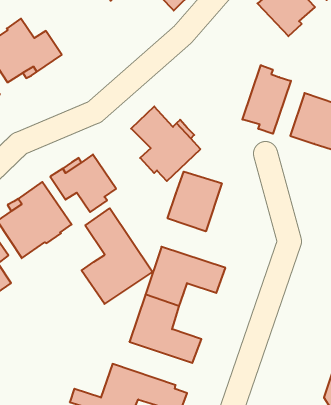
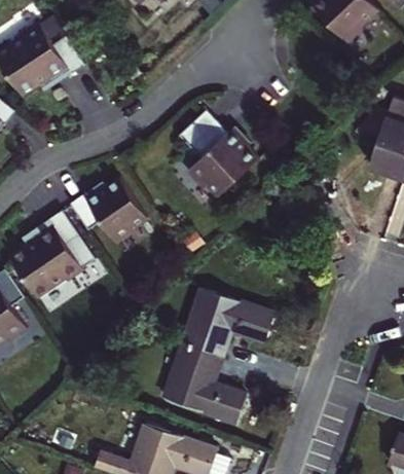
building: [242,65,291,134] -> none
building: [168,172,222,231] -> none
building: [82,208,152,304] -> none

